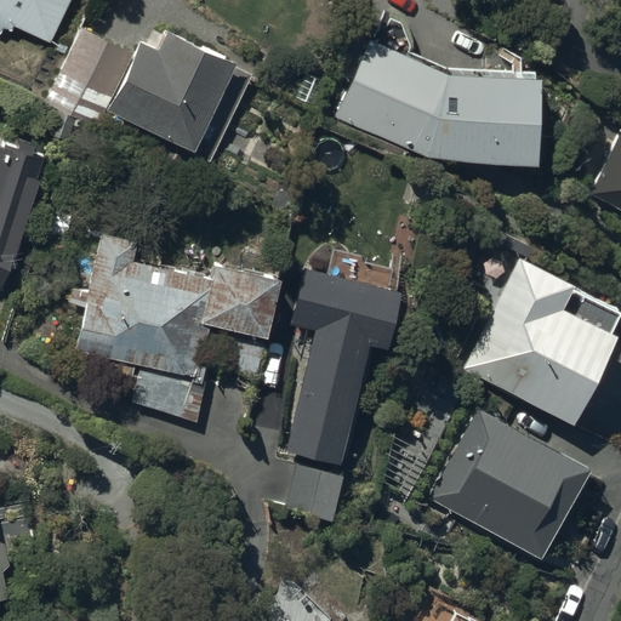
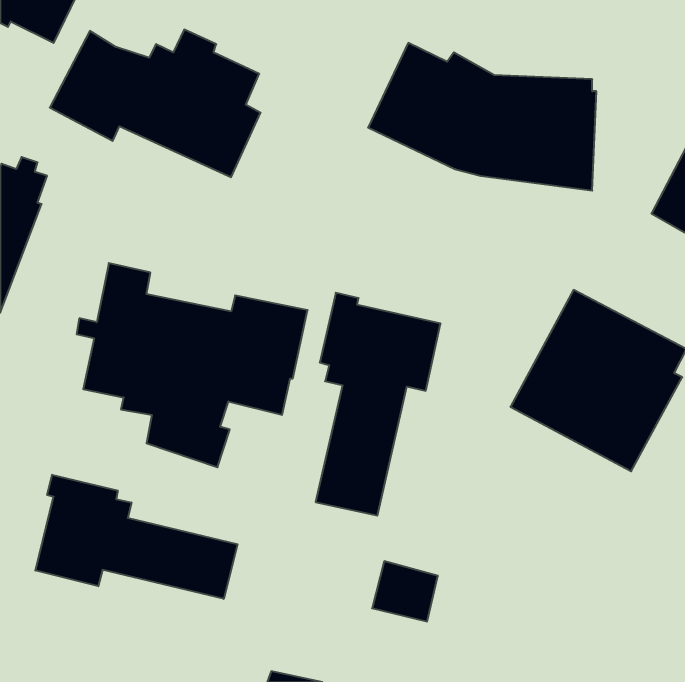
building: [428,406,588,560] -> none
building: none -> [35,475,238,599]
building: [284,463,343,518] -> [372,561,438,622]

